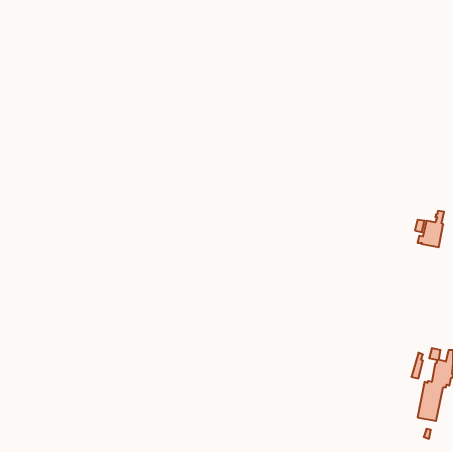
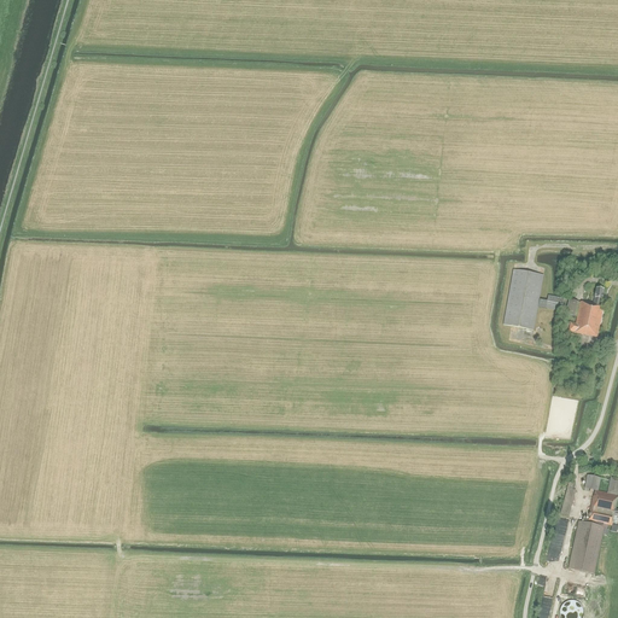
building: none -> [503,269,564,330]

